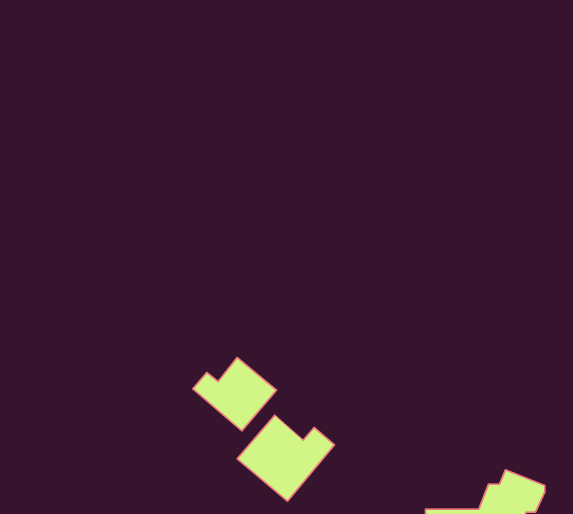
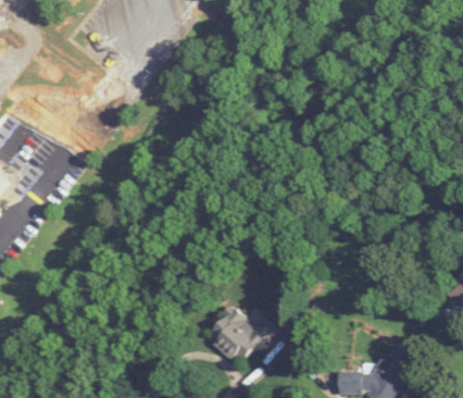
building: [193,358,276,431] -> none

